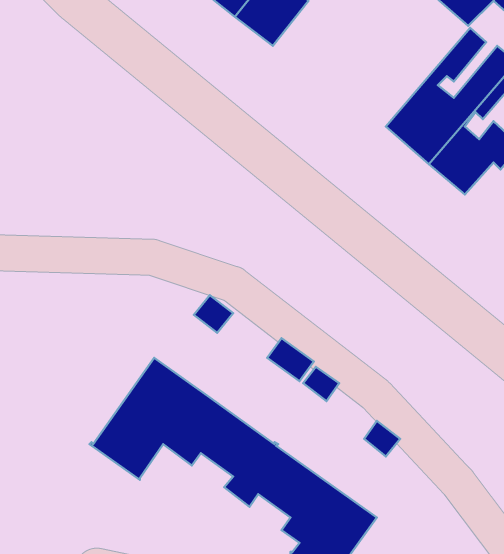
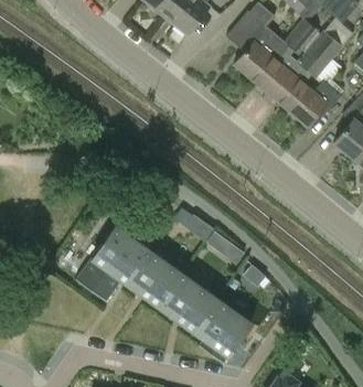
building: none -> [226,12,309,84]

